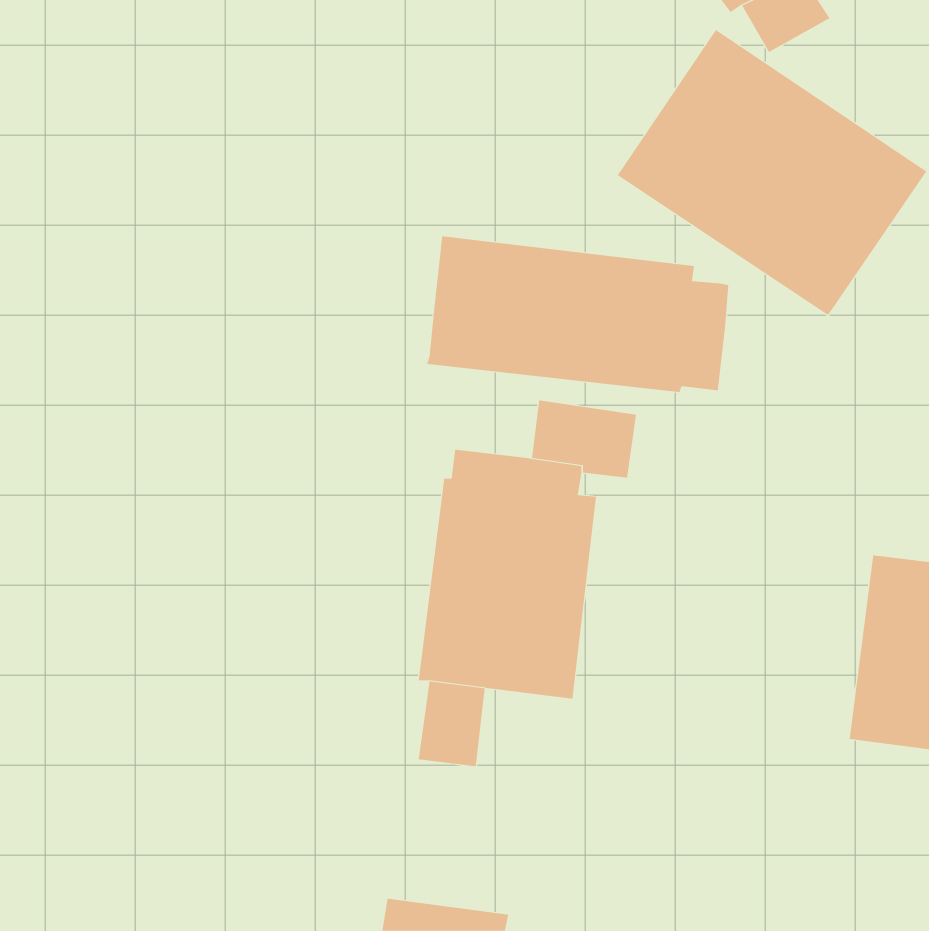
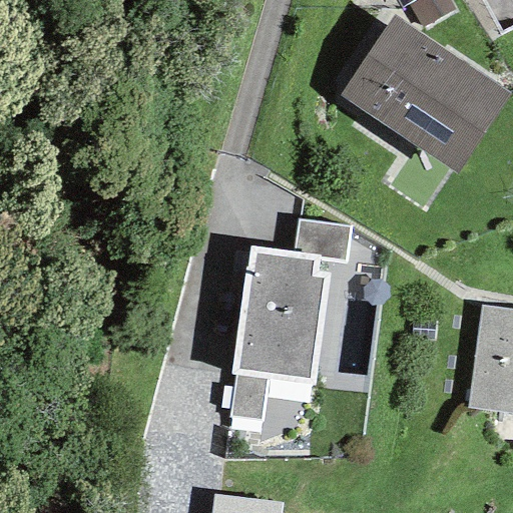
building: [427,236,729,393] -> none

